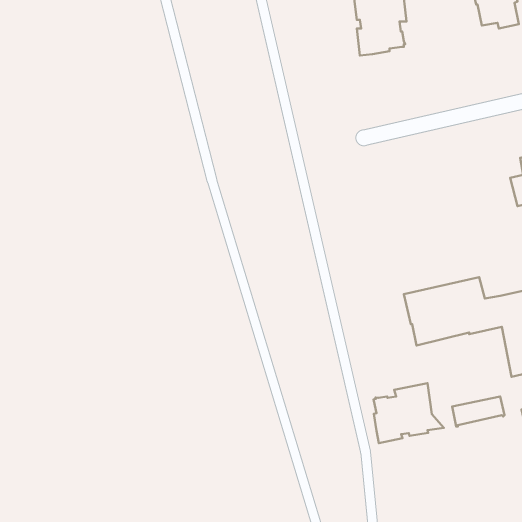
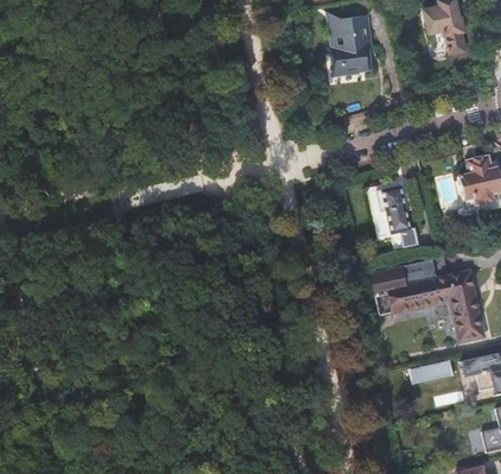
building: none -> [375,183,418,245]
building: [373,383,444,443] -> none

